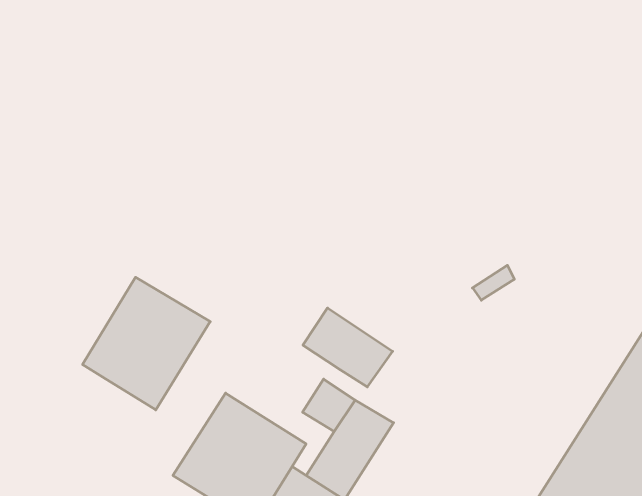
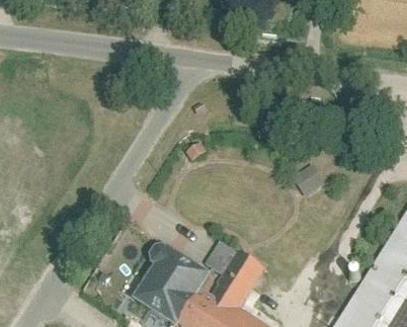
building: [83,277,210,410] -> none
building: [303,308,393,387] -> none

